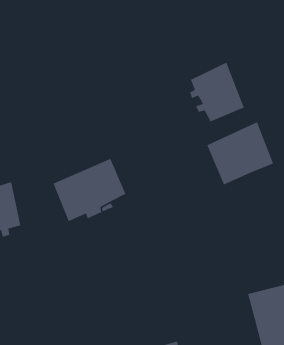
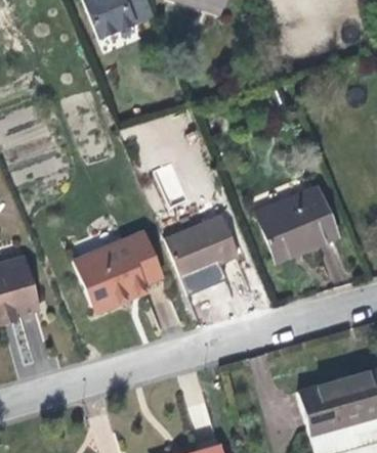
building: [189,62,245,123] -> none
building: none -> [165,217,234,275]

